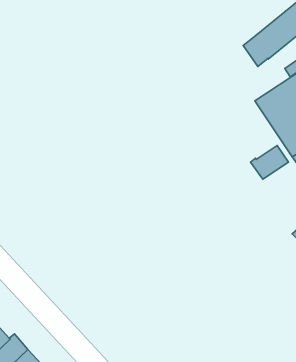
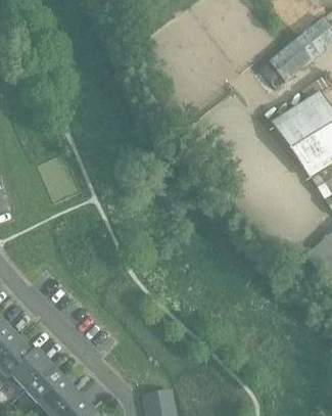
building: [251,145,289,179] -> none

